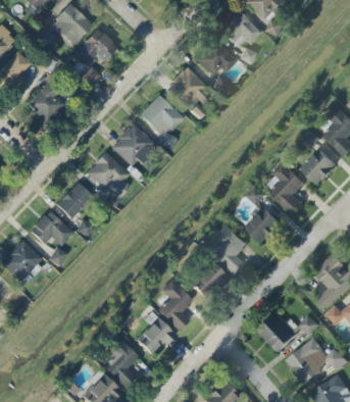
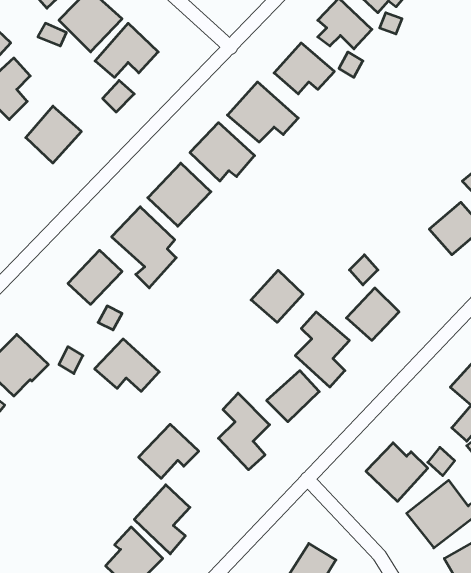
building: [268,161,304,213] -> none
building: none -> [251,270,303,322]
building: [29,210,72,246] -> [95,339,159,391]
building: [135,317,176,354] -> [139,424,199,478]

